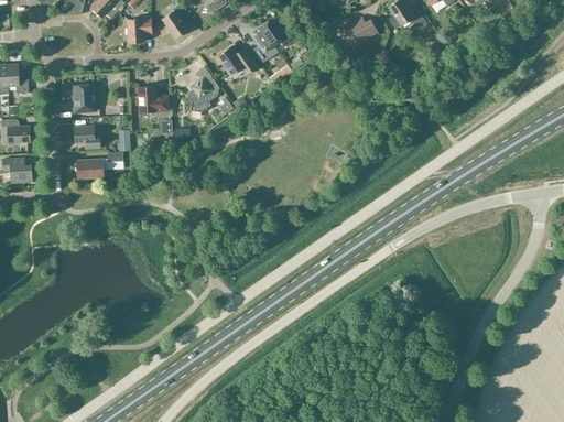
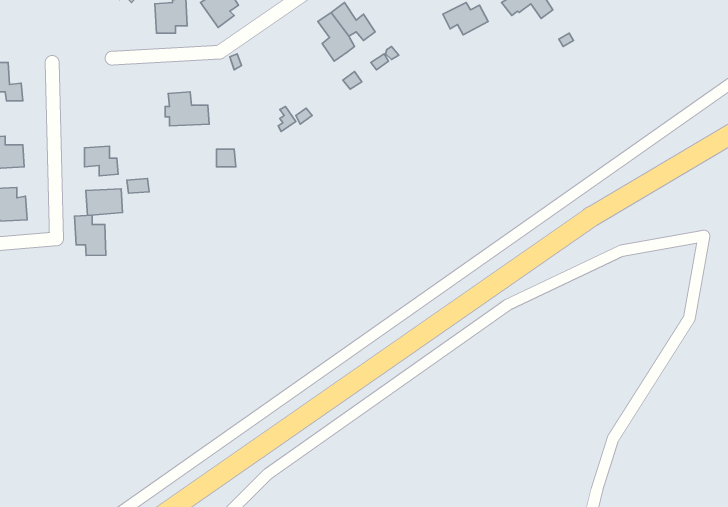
building: [216,46,257,75] -> none
building: [186,66,219,110] -> none
building: [73,84,96,112] -> none
building: none -> [74,215,106,256]

